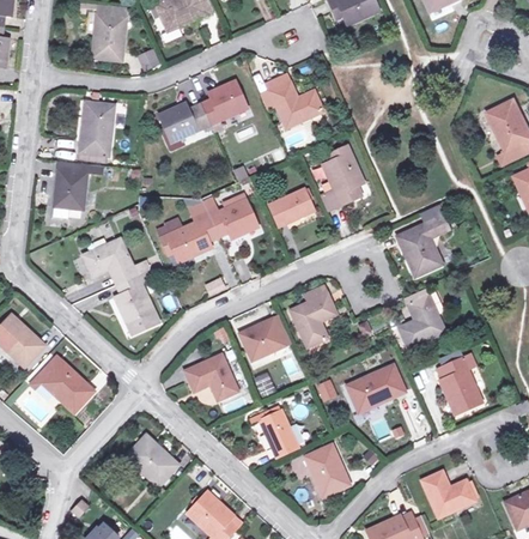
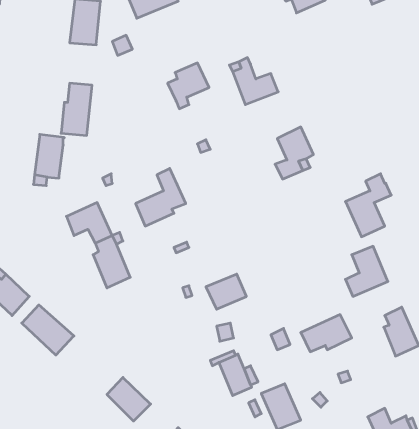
building: [157,103,208,141] -> none
building: [269,193,315,229] -> none
building: [209,201,257,240] -> none
building: [294,283,341,343] -> none
building: [183,356,236,401] -> none

